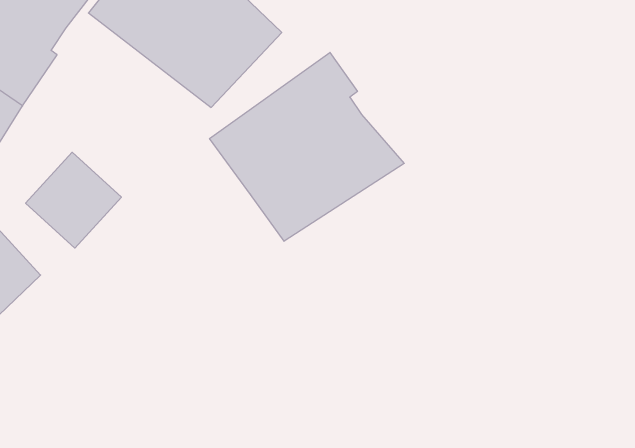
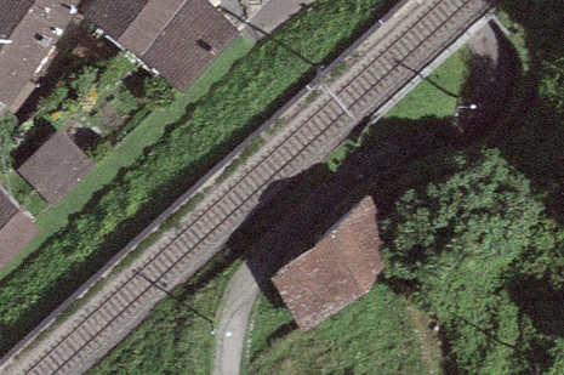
building: [210,52,404,241] -> none
building: none -> [264,205,400,328]

